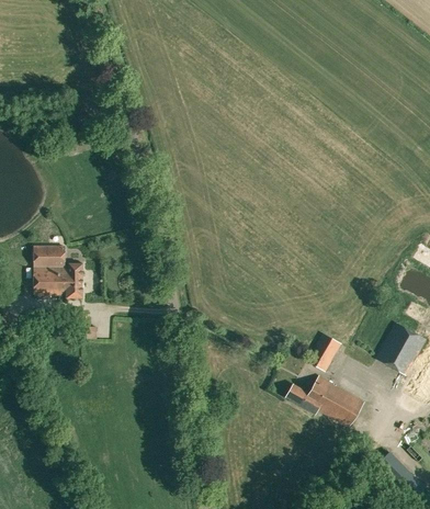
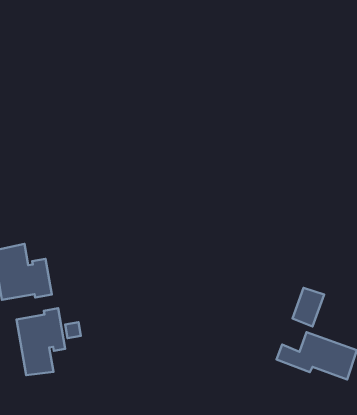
building: none -> [17,308,65,375]

